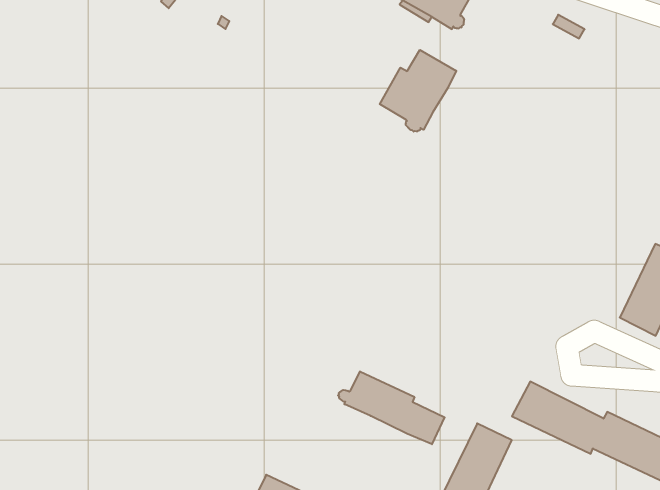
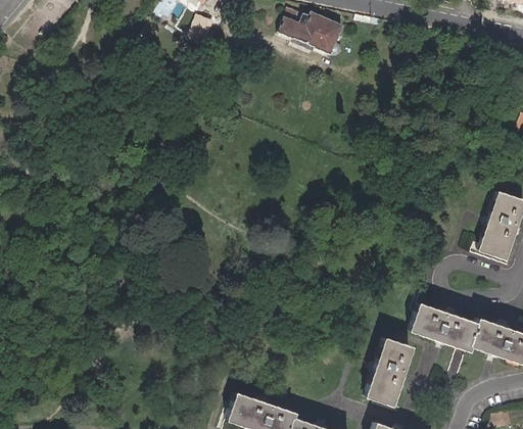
building: [380,50,456,132] -> none
building: [338,371,445,444] -> none

